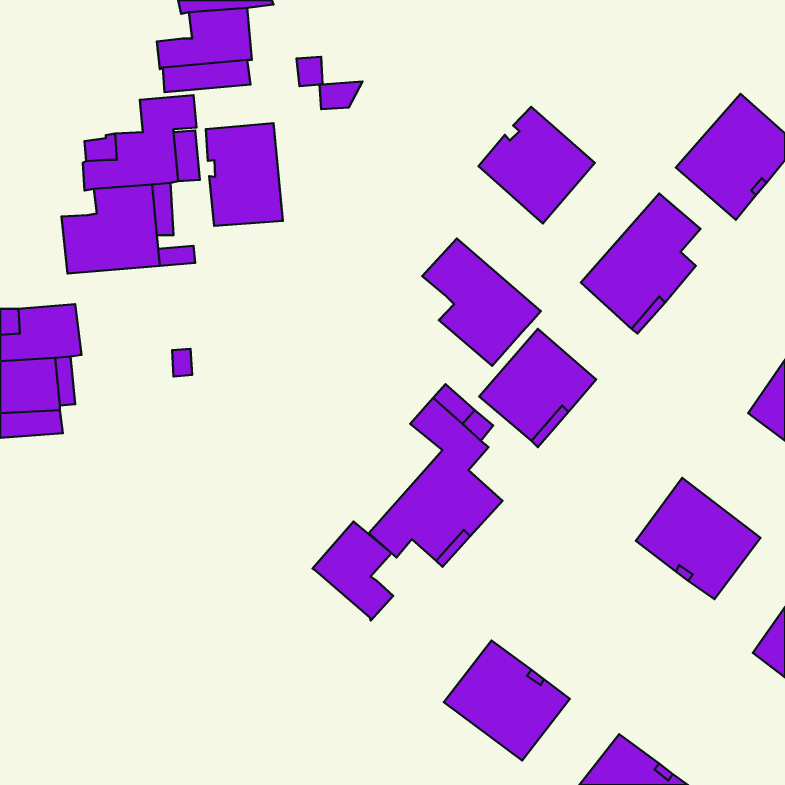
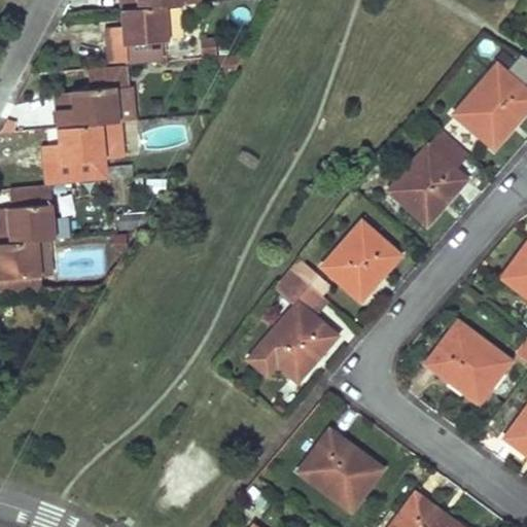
building: [479,107,595,224] -> none
building: [206,123,283,226] -> none
building: [422,238,541,366] -> none
building: [312,522,393,621] -> none

